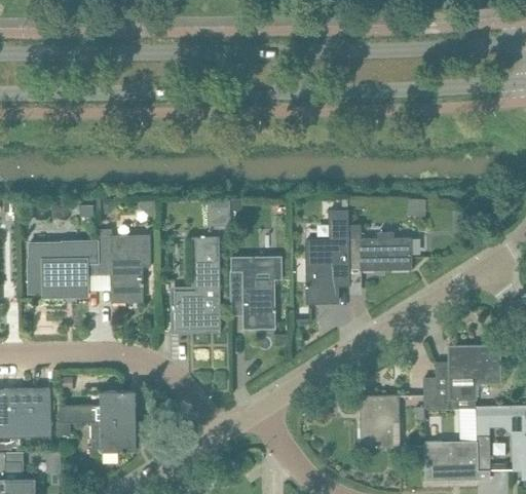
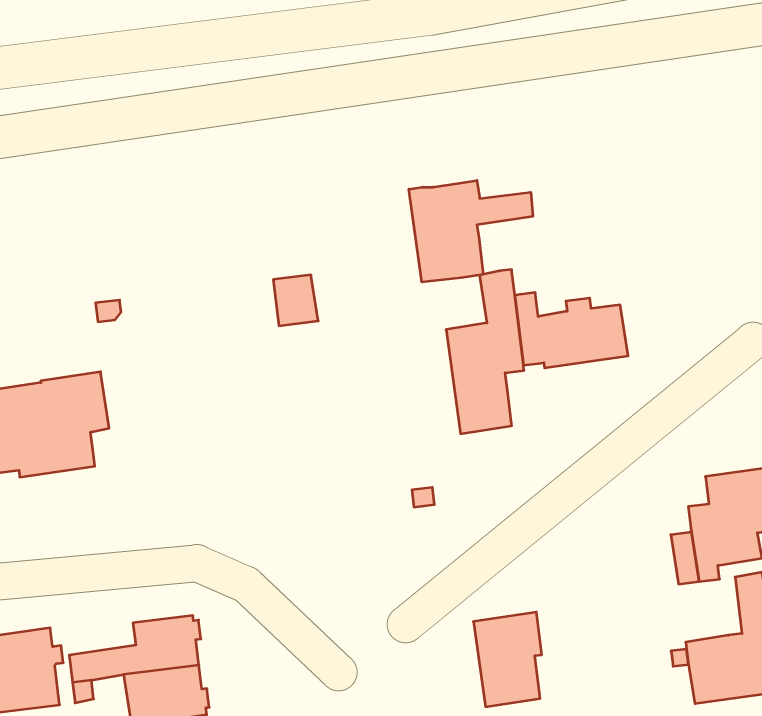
building: none -> [409,180,533,282]
building: [98,229,149,302] -> none
building: [170,237,220,334] -> none
building: [230,255,280,329] -> none
building: [360,395,398,448] -> [473,612,542,707]

